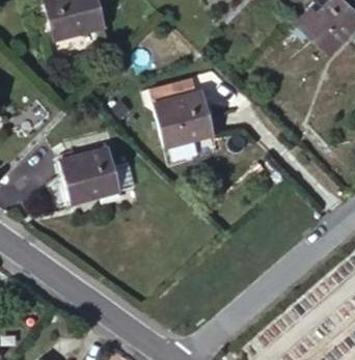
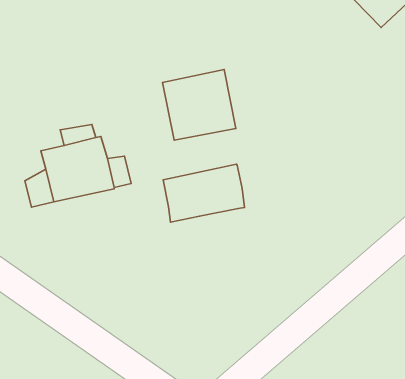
building: none -> [163,164,245,222]

